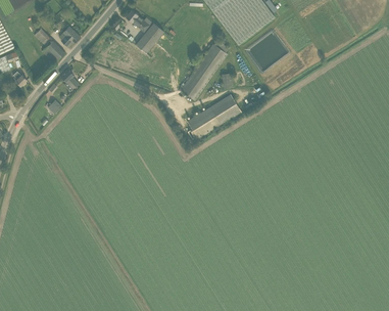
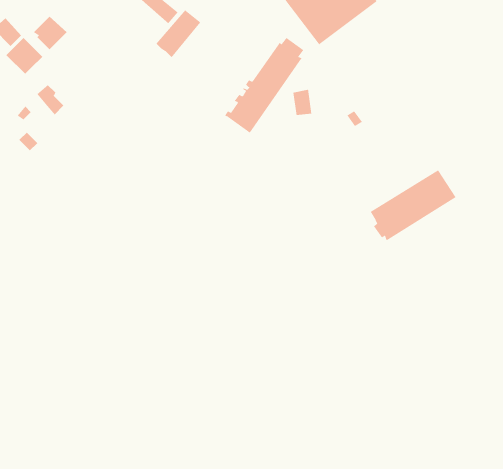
building: [187,93,241,138] -> [370,170,456,241]

